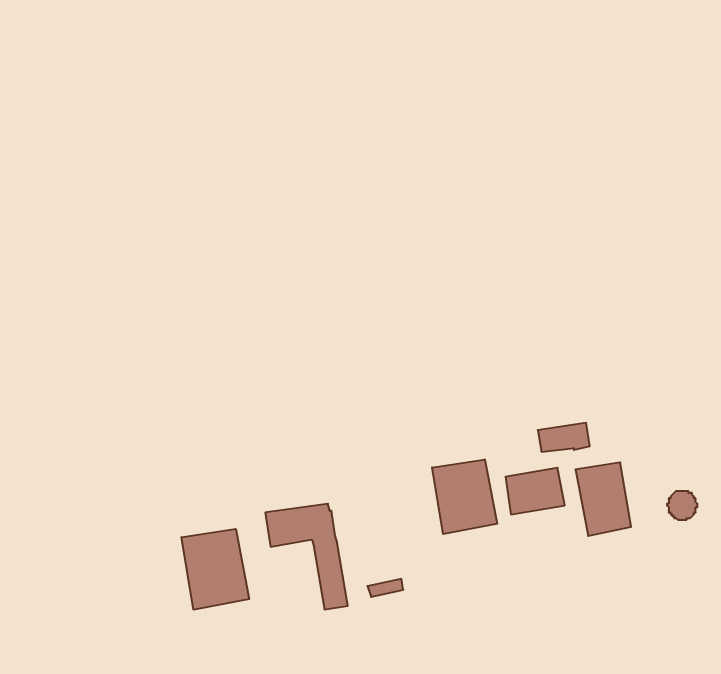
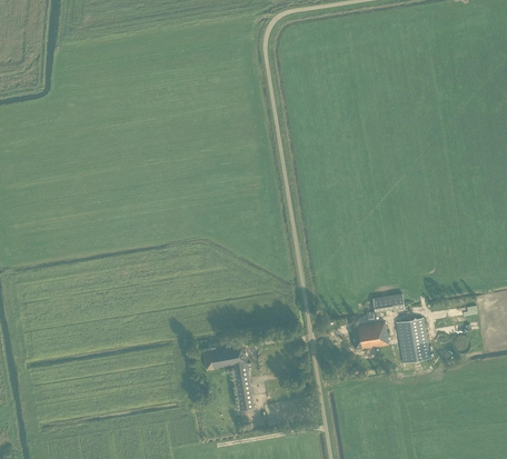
building: [432,459,497,534] -> none
building: [182,529,249,610] -> none

